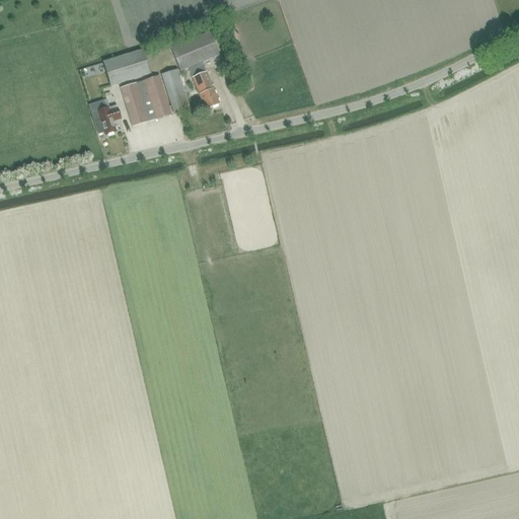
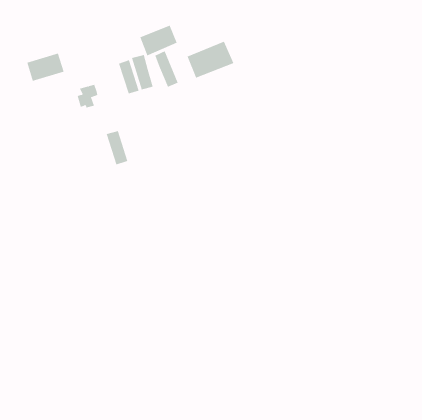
building: [103,48,150,83] -> [26,53,64,82]
building: none -> [187,41,234,78]
building: [121,81,148,124] -> [106,131,128,165]

